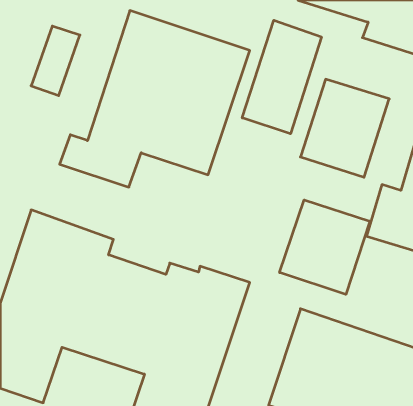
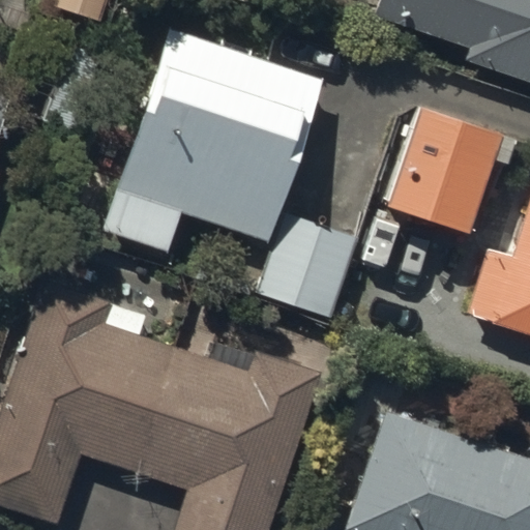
building: [242,20,321,134] -> none
building: none -> [261,215,357,317]
building: [280,200,370,294] -> none

